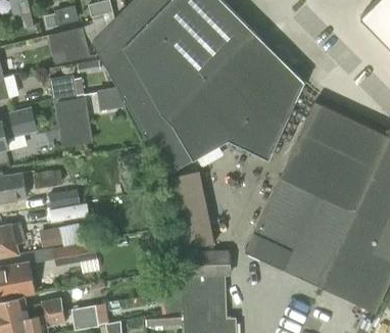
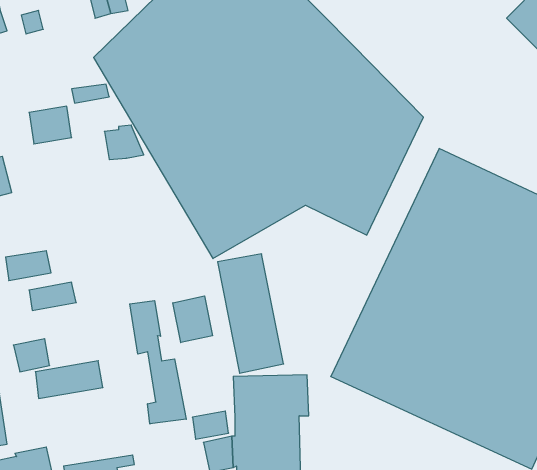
building: [49,29,90,64] -> none
building: [55,99,92,148] -> none
building: none -> [173,296,212,343]
building: none -> [130,301,186,424]

